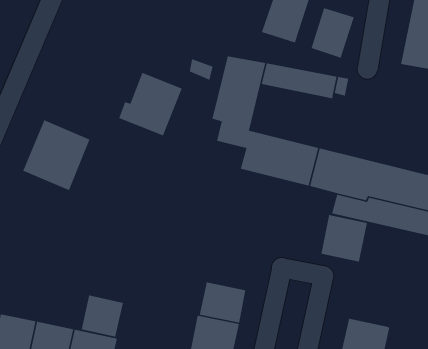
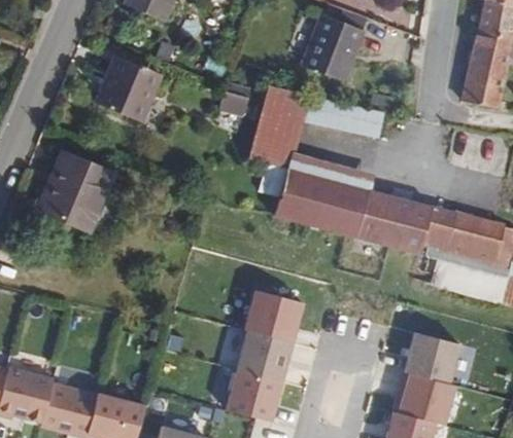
building: [311,7,355,59] -> none
building: [118,72,183,137] -> [93,58,166,131]
building: [320,214,368,262] -> [405,333,458,388]
building: none -> [244,292,301,348]
building: [81,295,124,338] -> none

